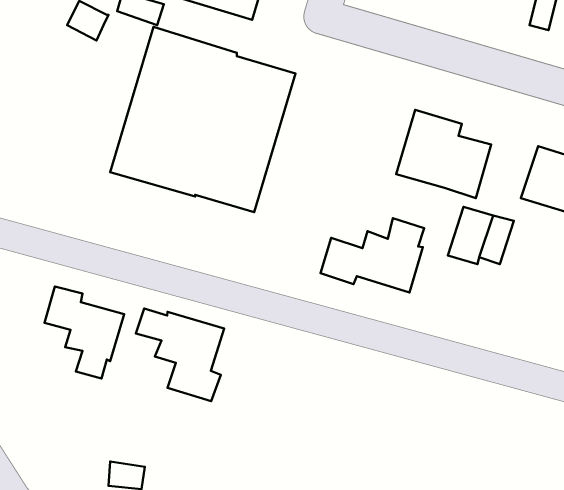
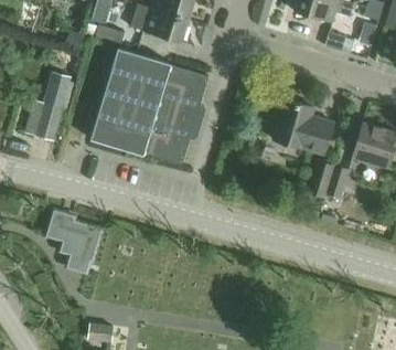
building: none -> [34,72,71,141]
building: [320,218,424,293] -> none
building: [136,308,224,401] -> none

